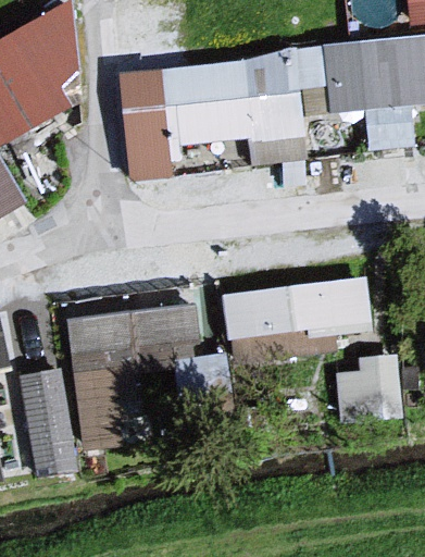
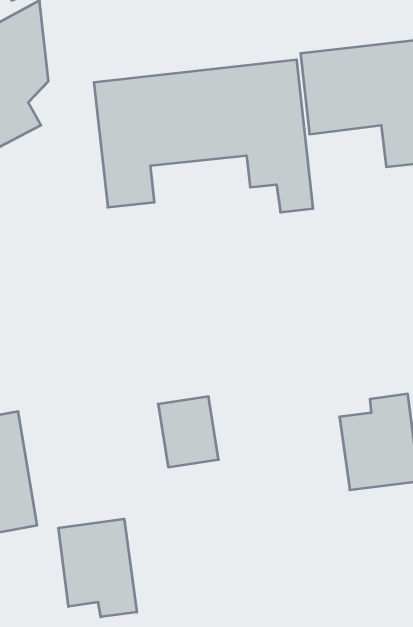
building: [224,270,368,354] -> none
building: [62,292,198,438] -> none
building: none -> [58,519,137,617]

